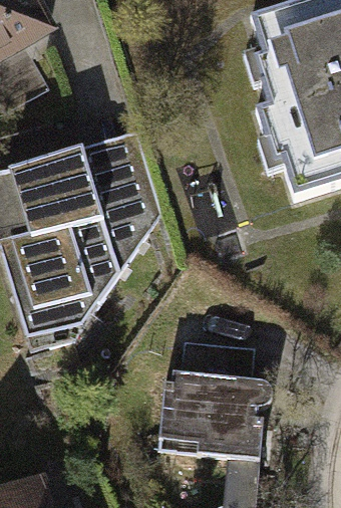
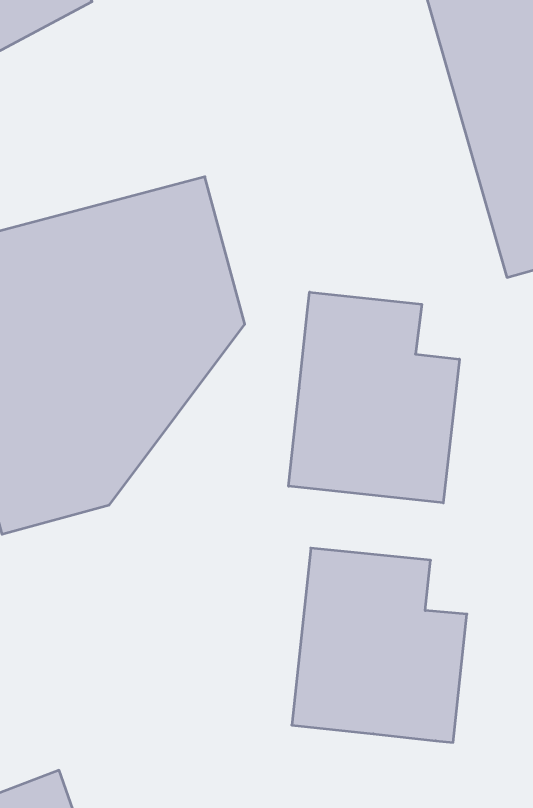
building: none -> [289,292,459,503]

